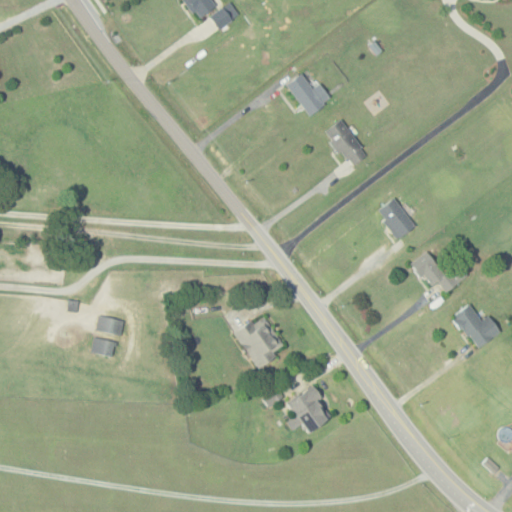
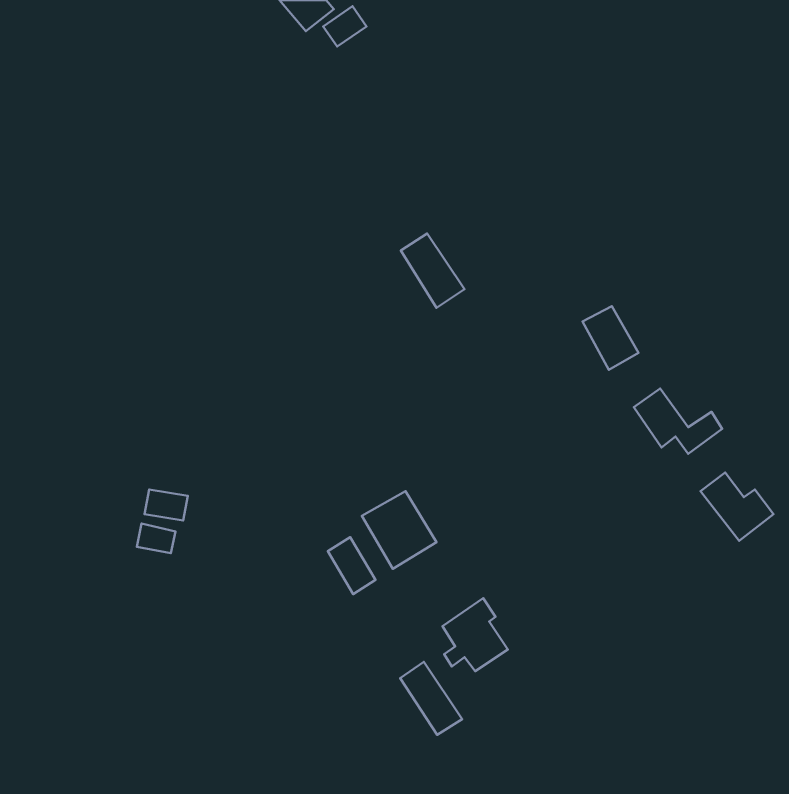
building: [289,73,331,114] -> none
building: [326,118,367,166] -> [401,233,464,308]
building: none -> [328,537,375,594]
building: none -> [400,662,462,735]

